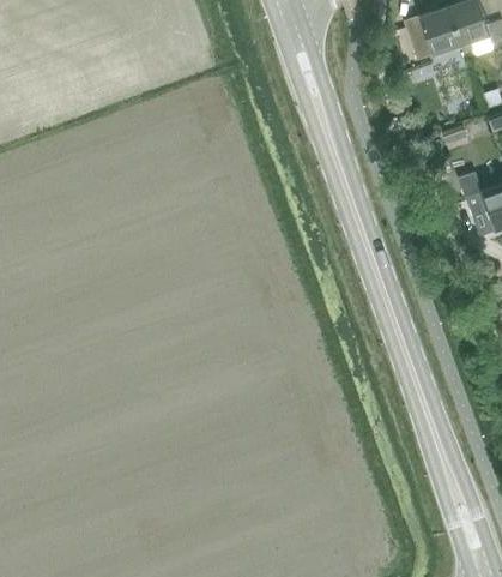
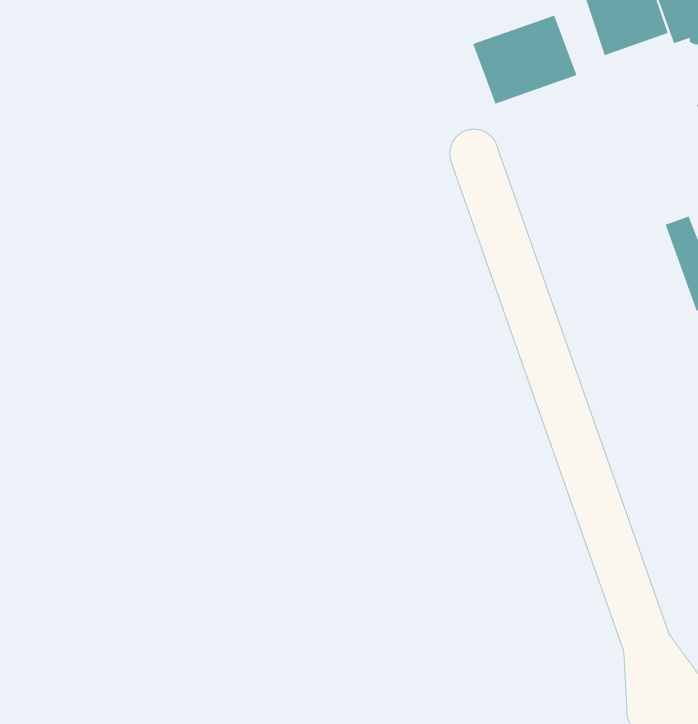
building: none -> [472,15,577,105]

